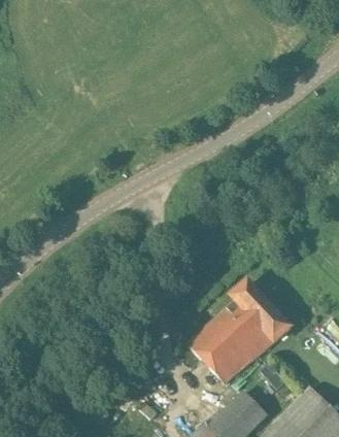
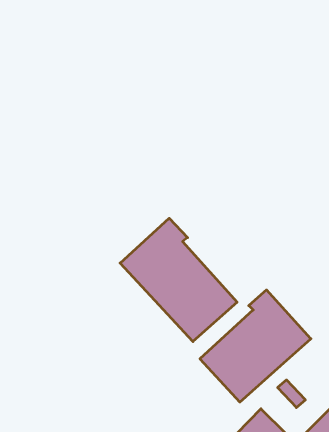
building: none -> [120,218,237,342]

